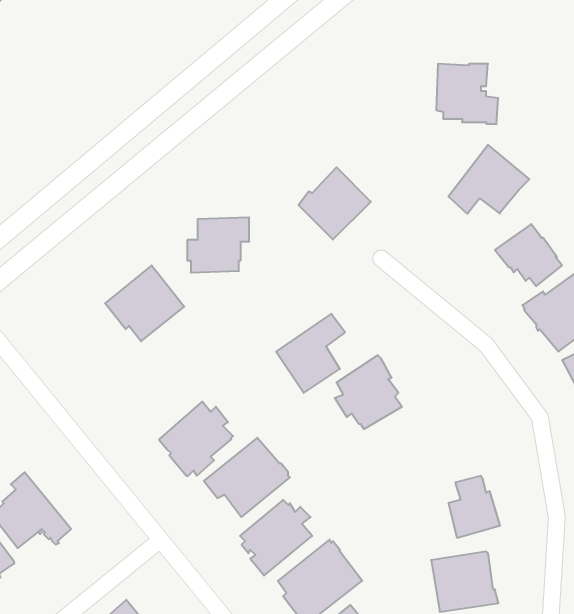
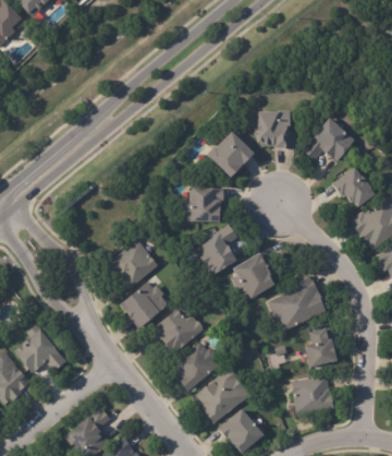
building: [436,64,498,124] -> [257,109,296,147]
building: [187,217,249,273] -> [184,185,223,220]
building: [105,265,184,341] -> [108,239,158,287]
building: none -> [268,273,326,332]

